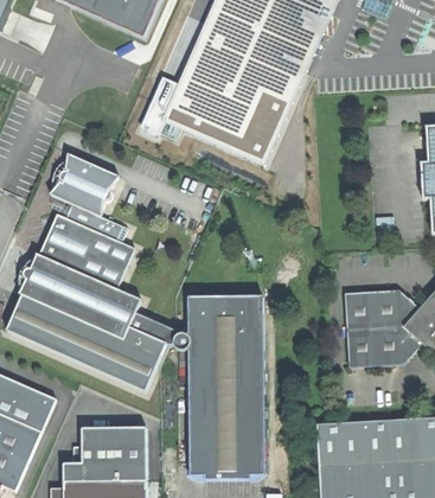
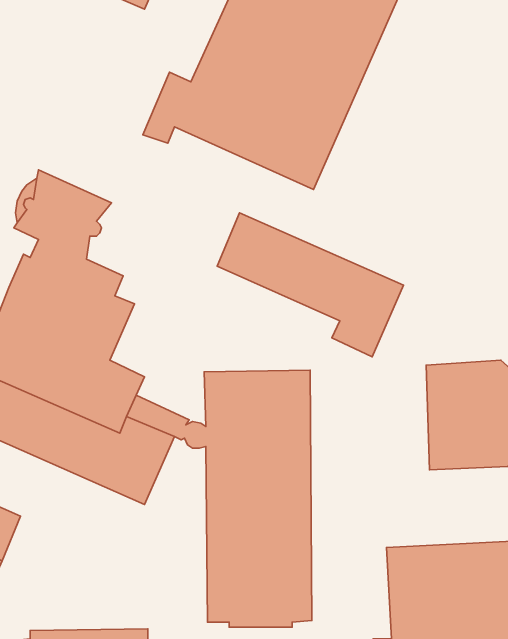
building: none -> [217,213,404,357]
building: [62,427,146,481] -> none

